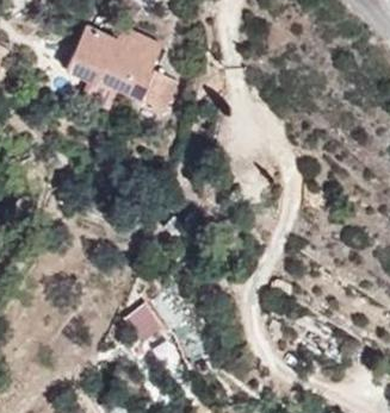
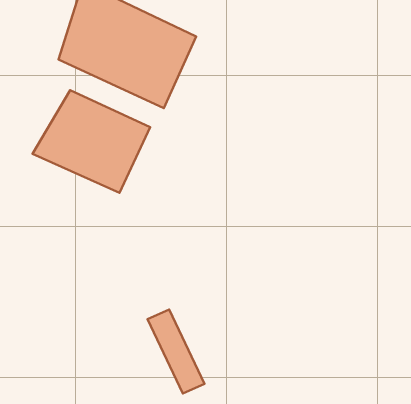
building: none -> [32,90,150,193]

